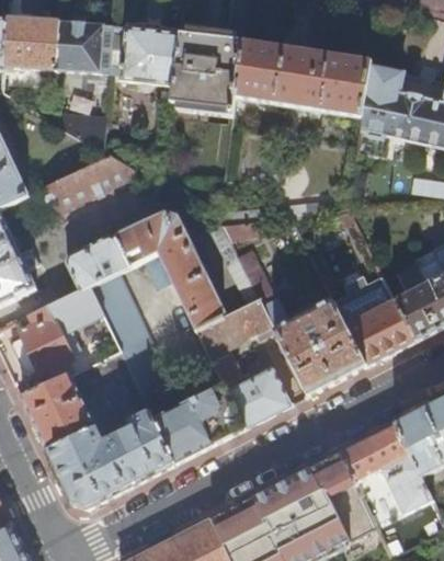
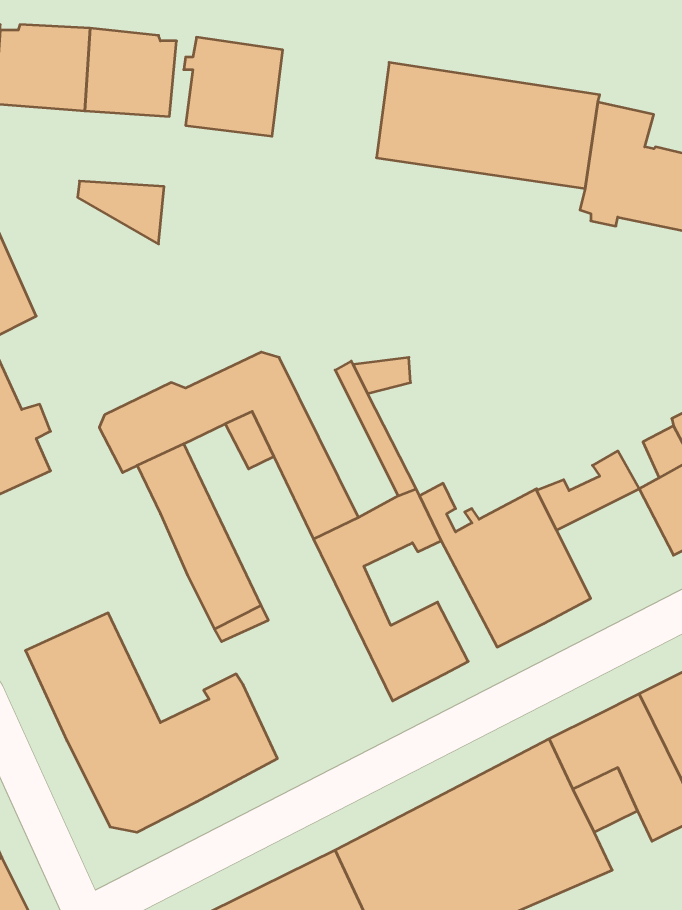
building: [170,31,242,113] -> none
building: [39,154,139,213] -> none
building: [11,284,103,371] -> none
building: [344,298,415,365] -> none
building: [153,382,244,462] -> none

